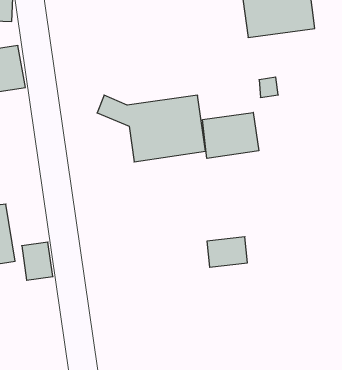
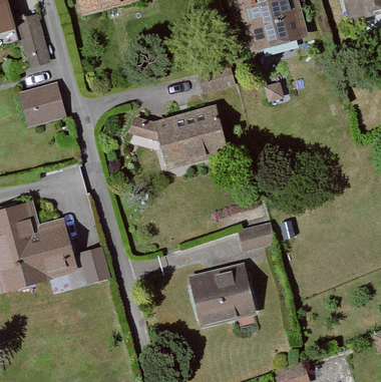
building: [203,112,259,158] -> none
building: none -> [188,265,257,327]

